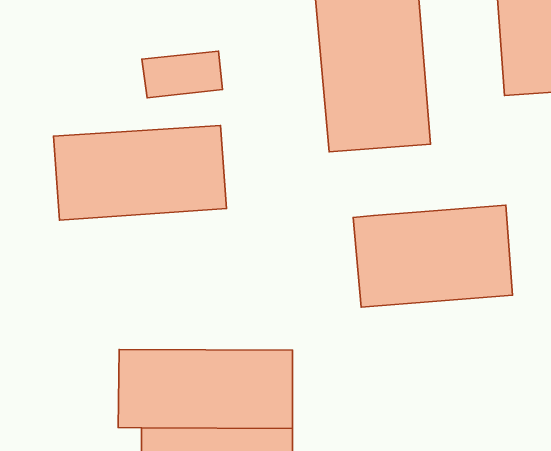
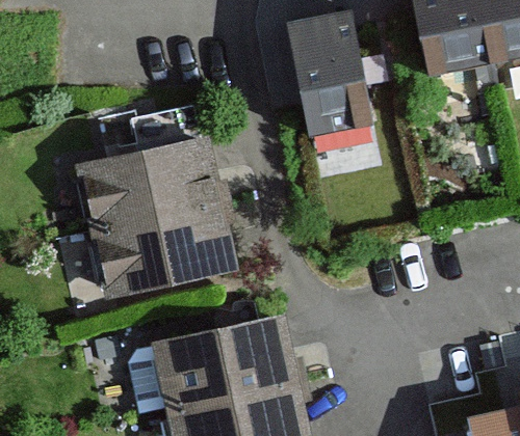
building: [353,205,512,307] -> none
building: none -> [88,208,234,300]

